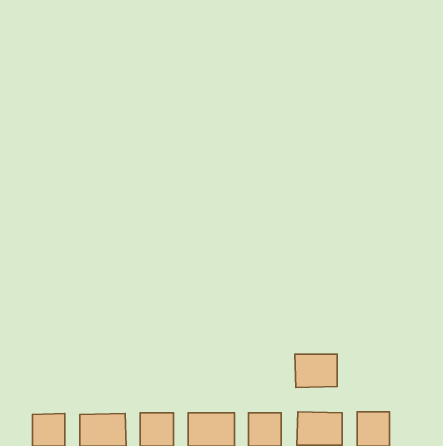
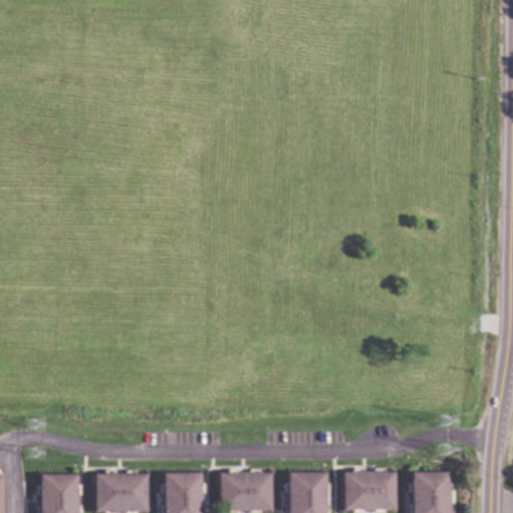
building: [295,354,337,387] -> none

